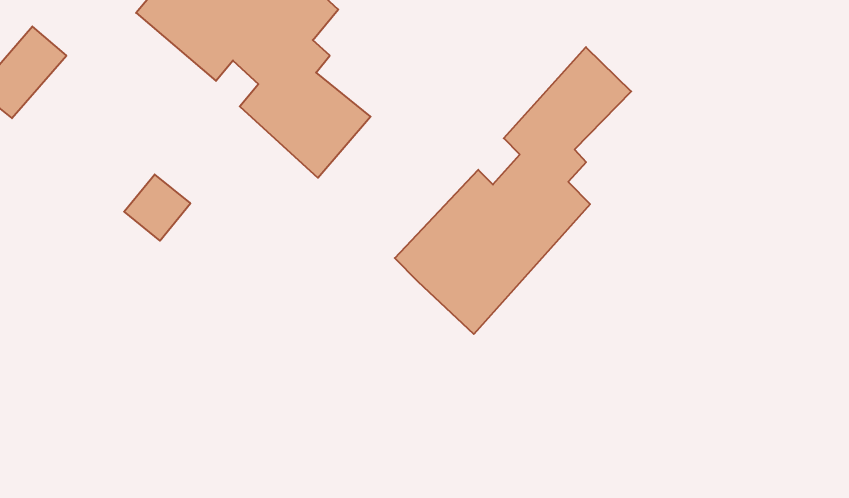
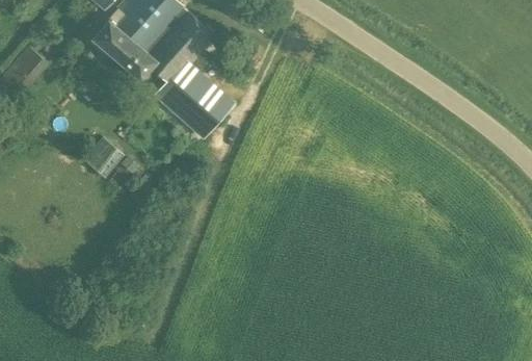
building: [395,47,631,334] -> none

